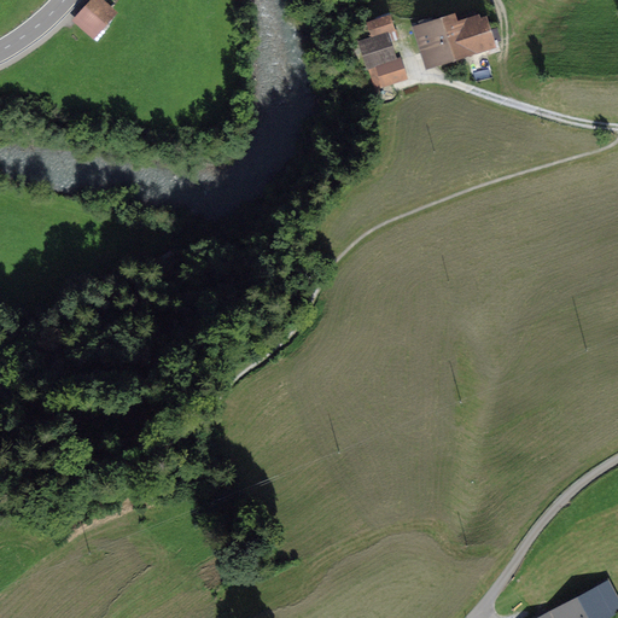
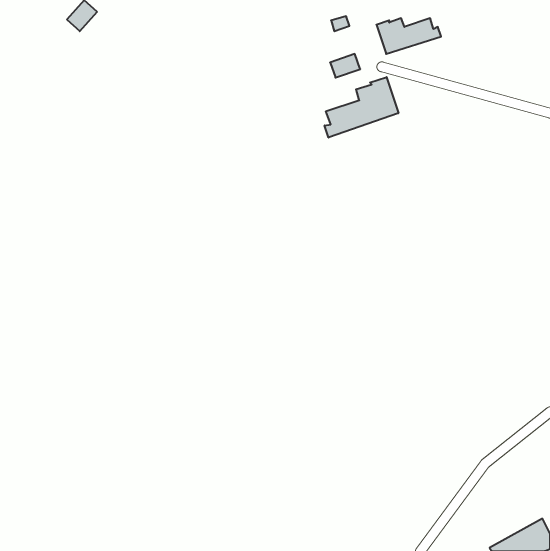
building: [362,35,392,65] -> none
building: none -> [325,77,398,138]

